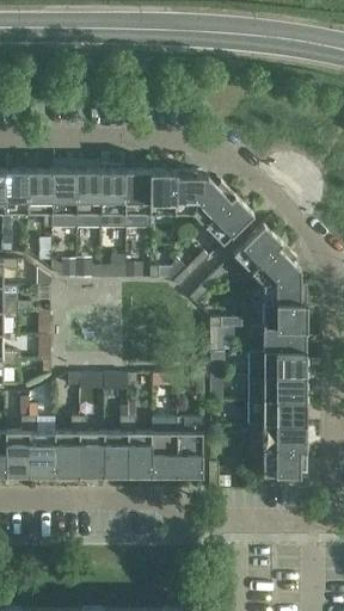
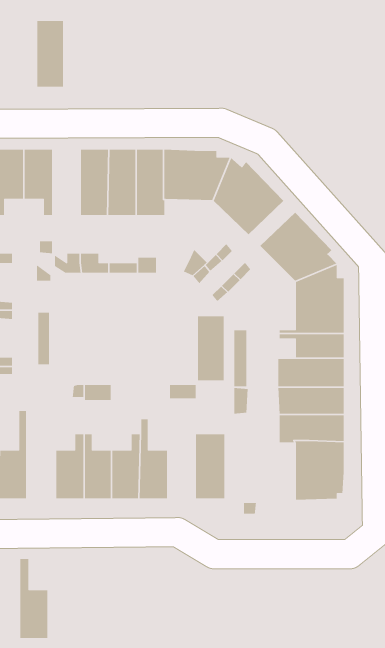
building: [51,171,75,229] -> [36,20,64,87]
building: [29,406,54,476] -> [20,558,48,639]
building: [152,419,176,476] -> [197,315,224,381]

